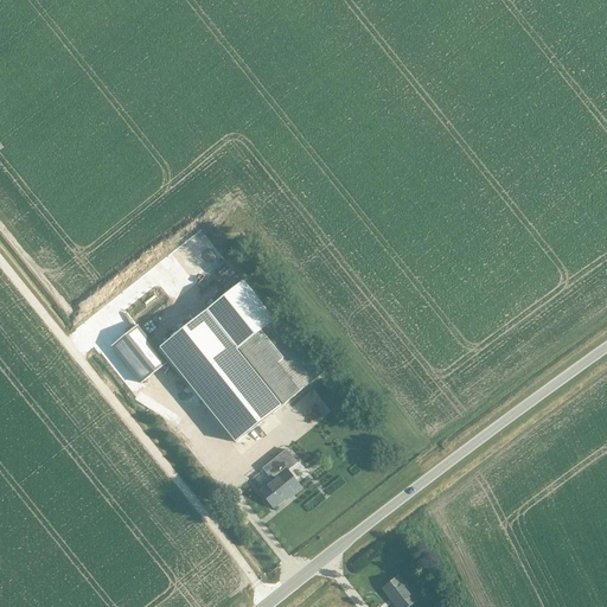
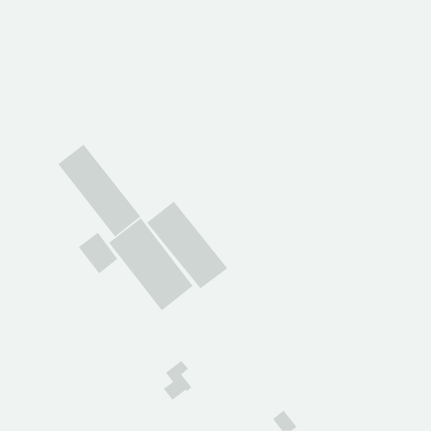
building: none -> [57,144,141,238]
building: [261,451,302,507] -> [163,360,192,401]

